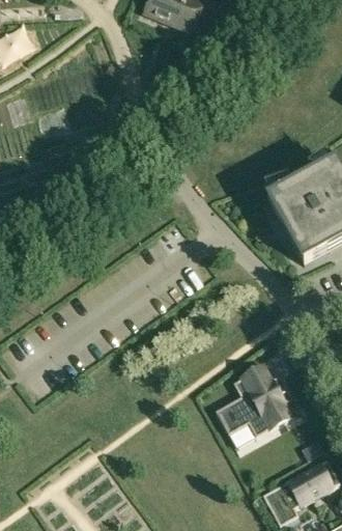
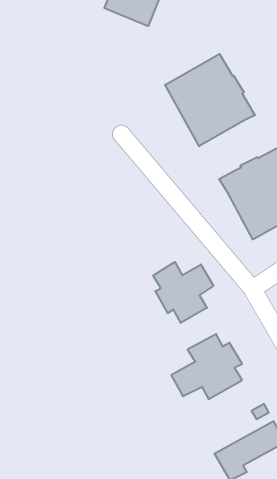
building: none -> [165,54,255,146]
building: none -> [153,262,213,323]

